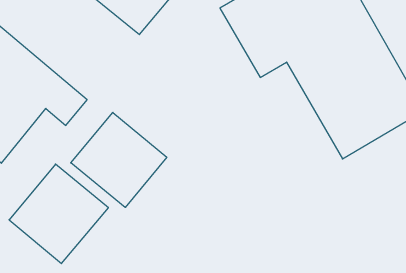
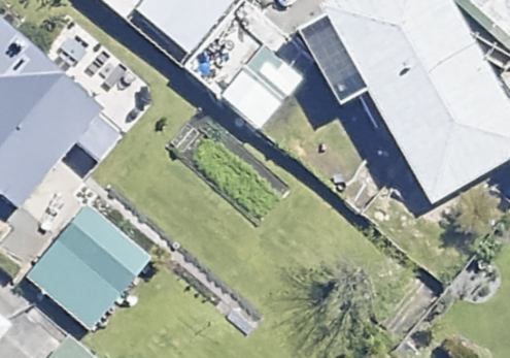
building: [71,112,167,207] -> none

